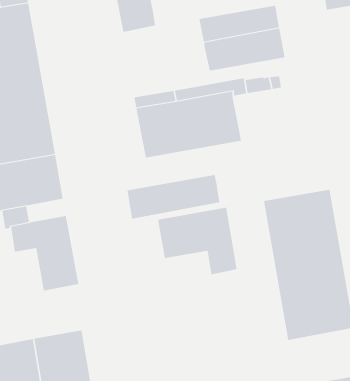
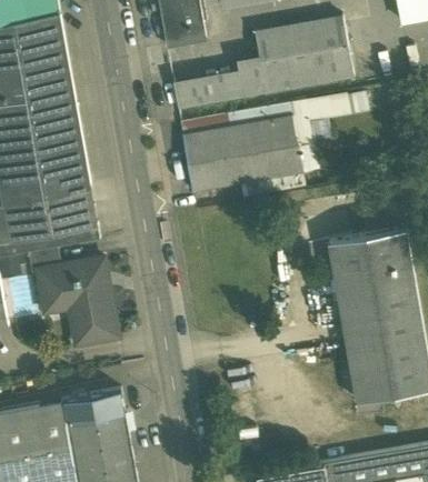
building: none -> [172,67,266,109]
building: [127,174,220,219] -> none
building: [158,207,237,275] -> none

